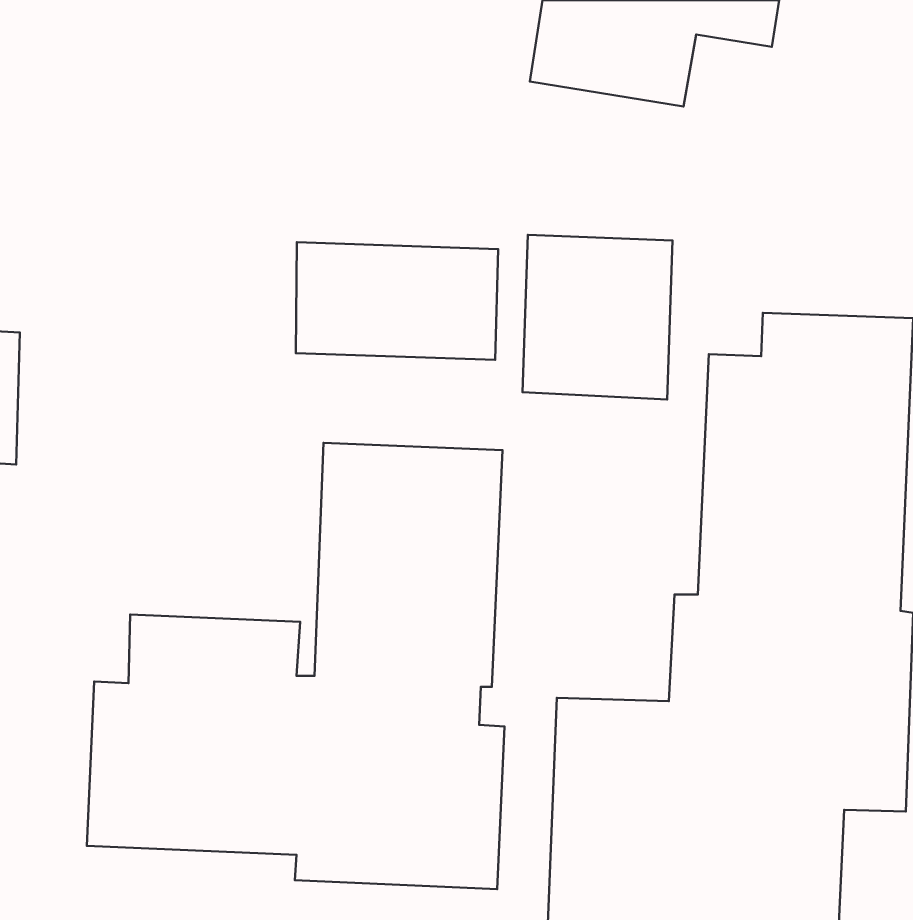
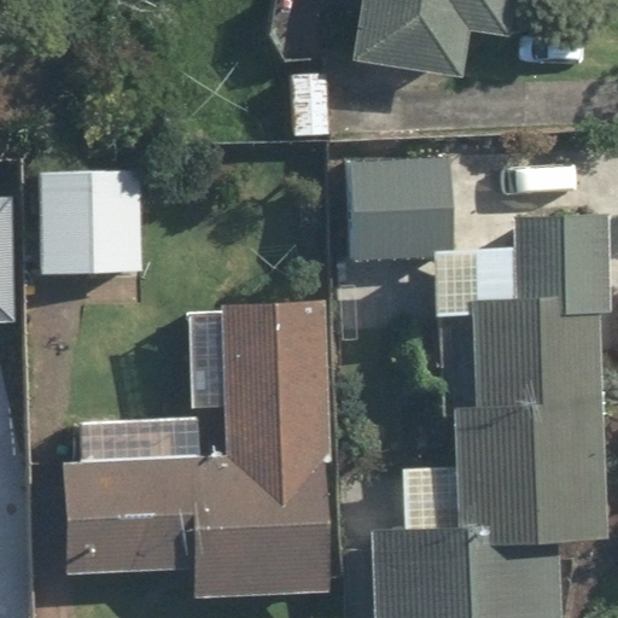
building: [296,242,498,360] -> none
building: none -> [36,171,147,278]

